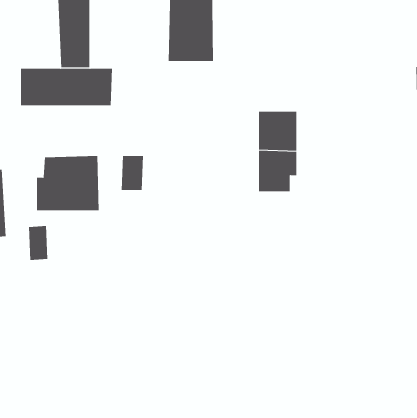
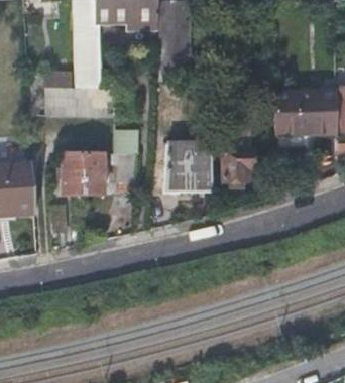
building: none -> [274,79,339,132]
building: none -> [164,141,214,191]

